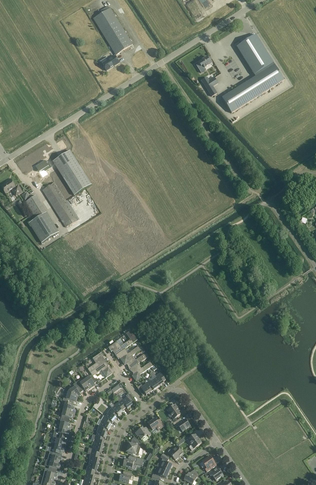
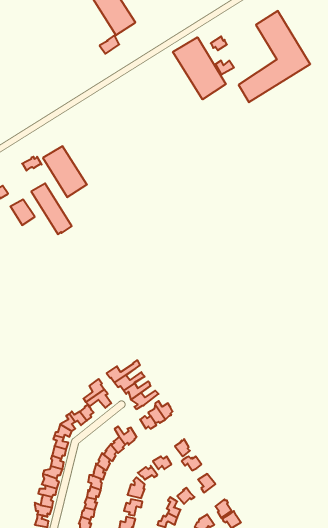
building: none -> [173,37,226,99]
building: [28,211,58,242] -> none

